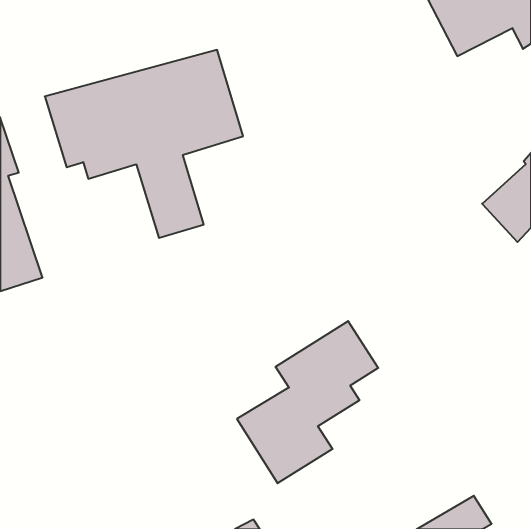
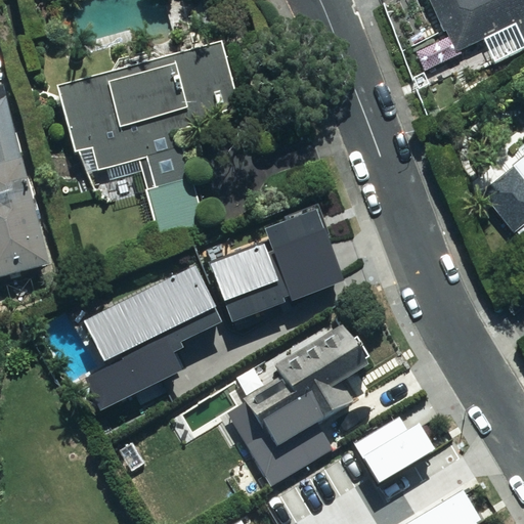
building: none -> [210,206,345,322]
building: none -> [84,264,219,409]
building: none -> [358,414,439,479]

